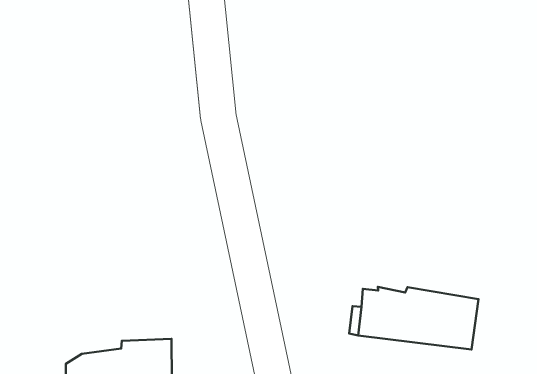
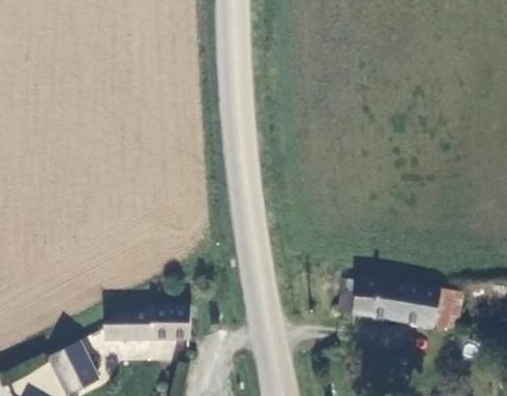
building: none -> [431,294,463,338]

